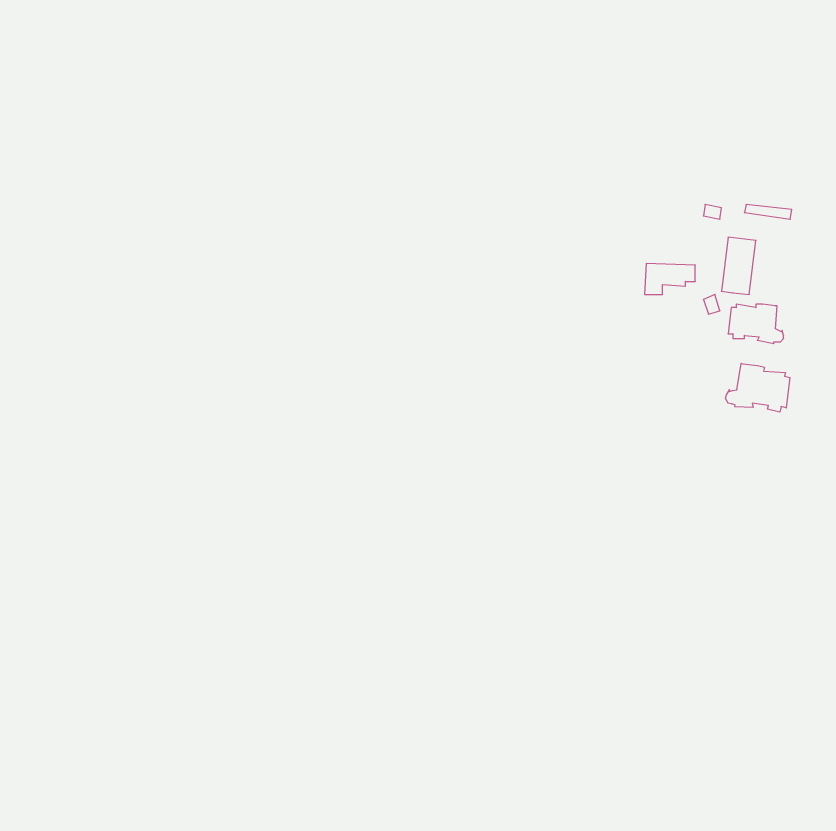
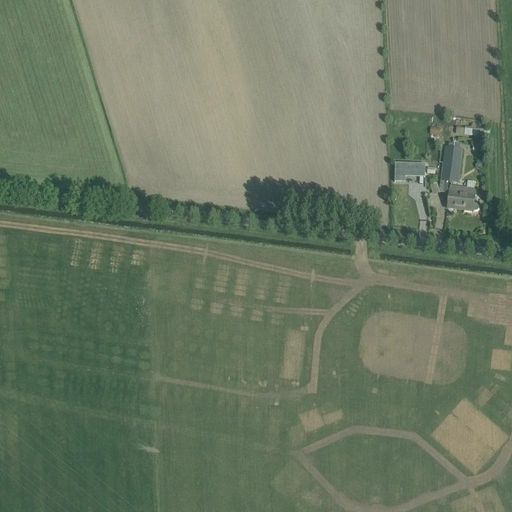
building: [726,363,790,412] -> none

